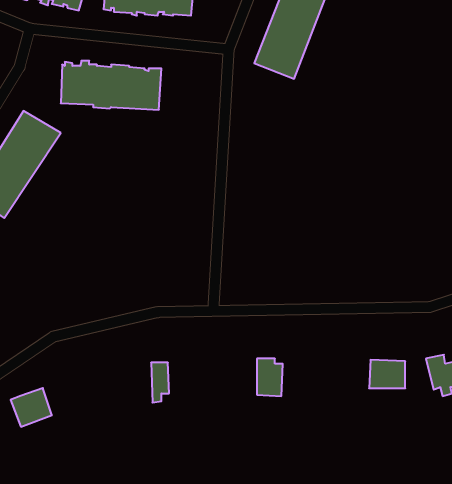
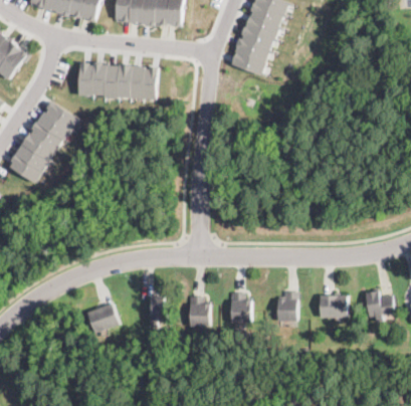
building: none -> [275,291,297,322]
building: none -> [189,297,209,326]
building: [11,388,52,427] -> [86,302,119,333]

